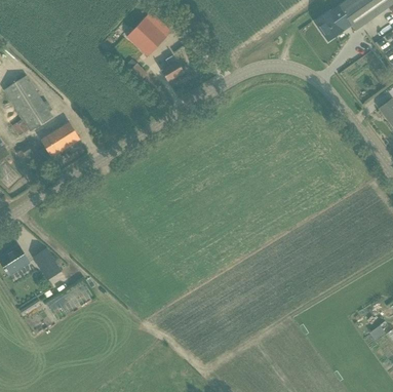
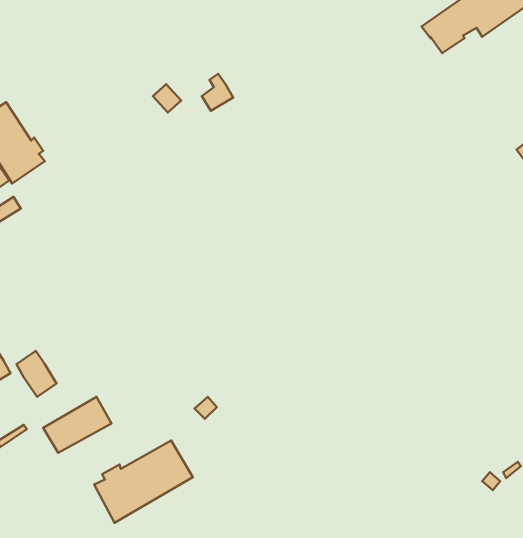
building: [127,10,172,55] -> none
building: [41,122,80,157] -> none
building: none -> [94,440,193,523]

